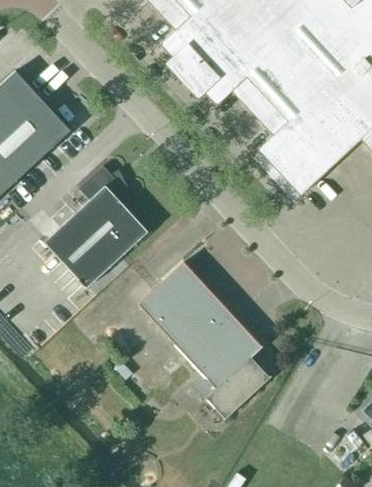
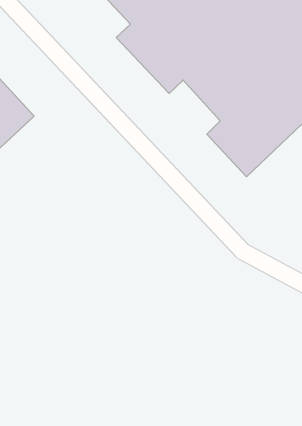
building: [45,165,149,287] -> none
building: [138,260,272,418] -> none

